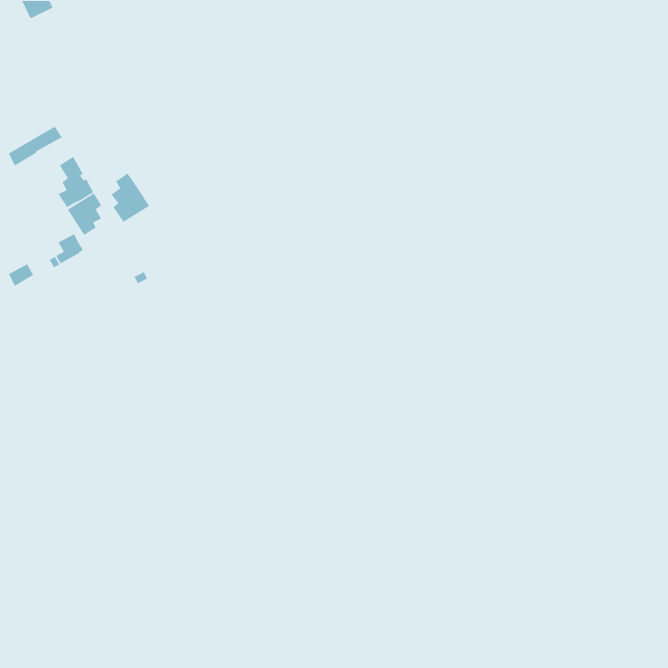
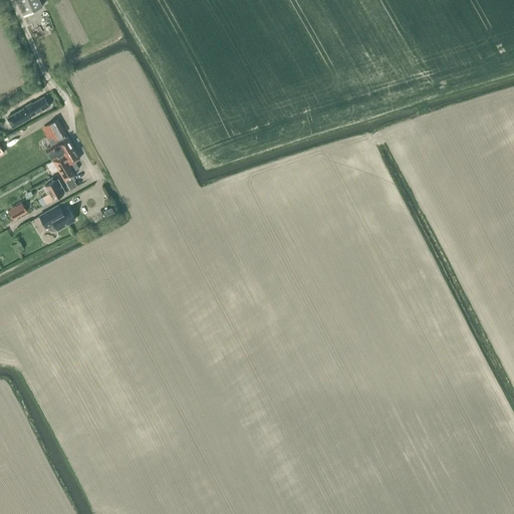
building: [111,172,150,223] -> none
building: none -> [38,205,73,231]

